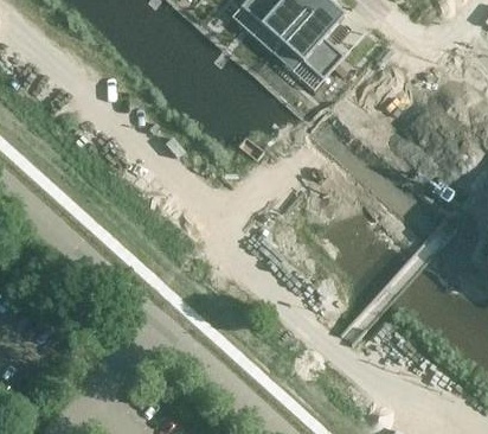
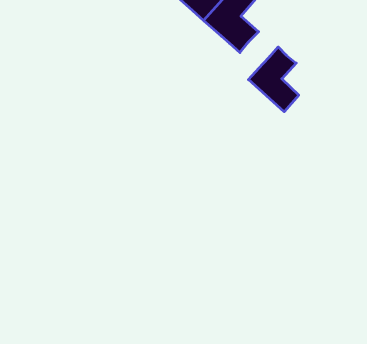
building: none -> [248,47,299,112]

